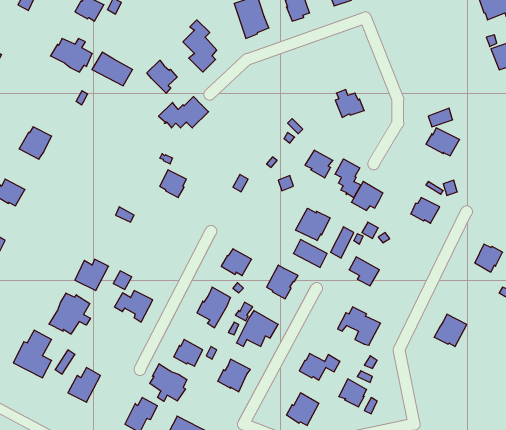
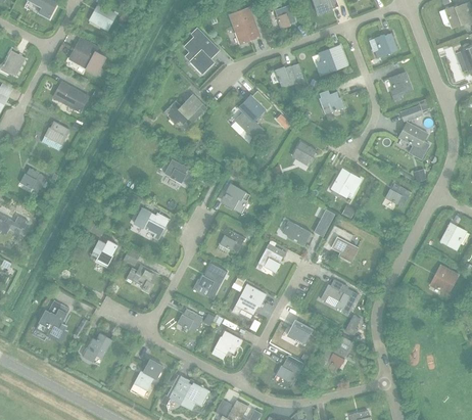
building: none -> [370,32,396,57]
building: none -> [316,46,346,74]
building: [92,52,133,86] -> [51,81,87,110]
building: [147,60,177,93] -> none
building: none -> [273,62,306,90]
building: none -> [388,73,412,101]
building: none -> [234,93,264,139]
building: [335,159,361,198] -> none
building: none -> [222,184,248,213]
building: [296,208,330,241] -> none
building: none -> [133,206,170,240]
building: [49,293,90,334] -> none
building: [434,314,467,347] -> [428,264,457,292]
building: [150,364,187,401] -> none

